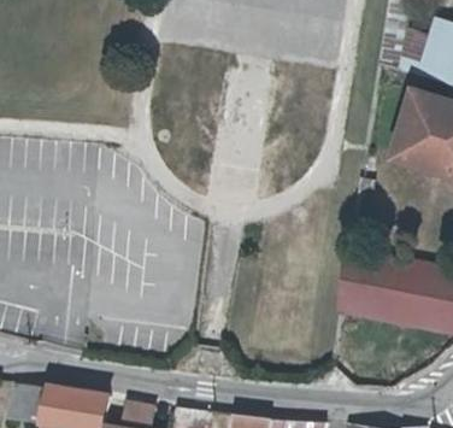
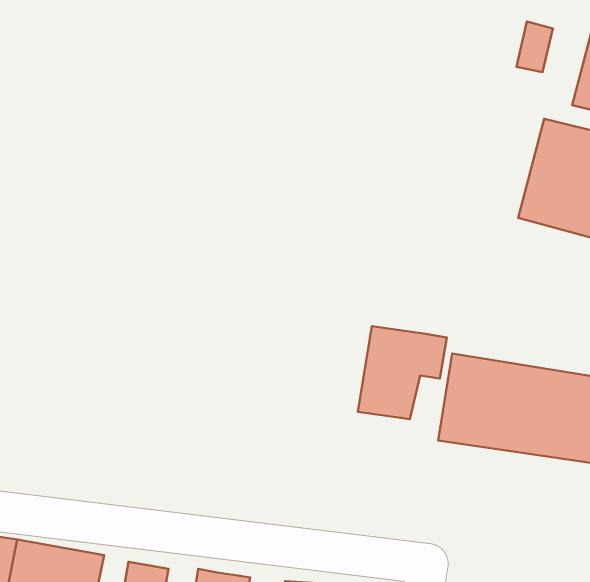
building: none -> [358,326,447,419]

